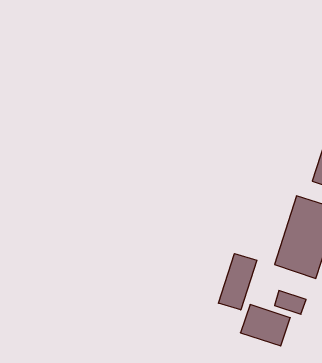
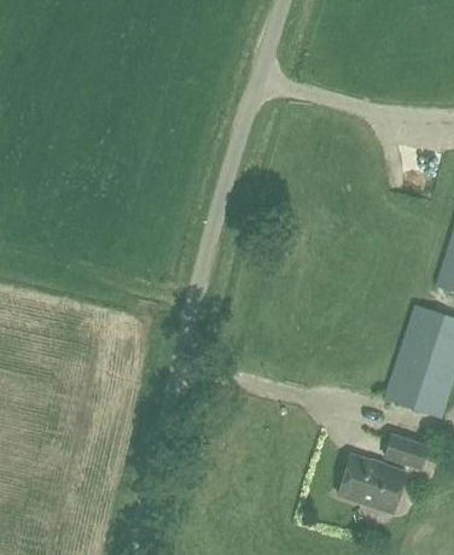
building: [218,254,257,310] -> none

